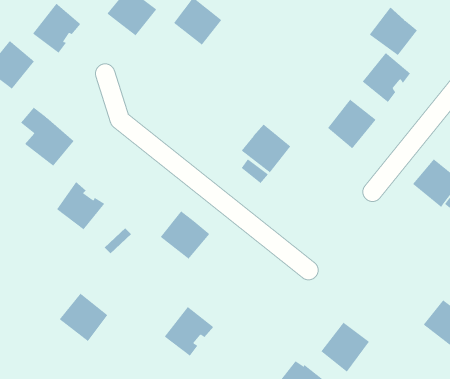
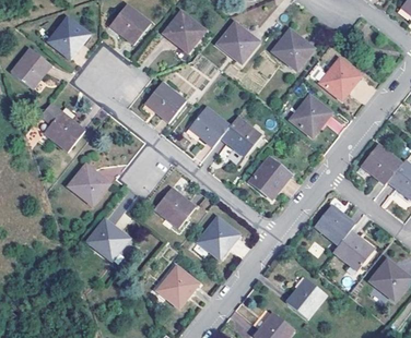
building: [369,7,418,56] -> [272,28,313,69]
building: none -> [218,23,258,62]
building: none -> [143,82,185,122]
building: none -> [188,107,230,147]
building: none -> [249,158,290,200]
building: none -> [314,204,373,269]
building: none -> [198,217,238,257]
building: [59,293,108,342] -> [86,219,127,259]

